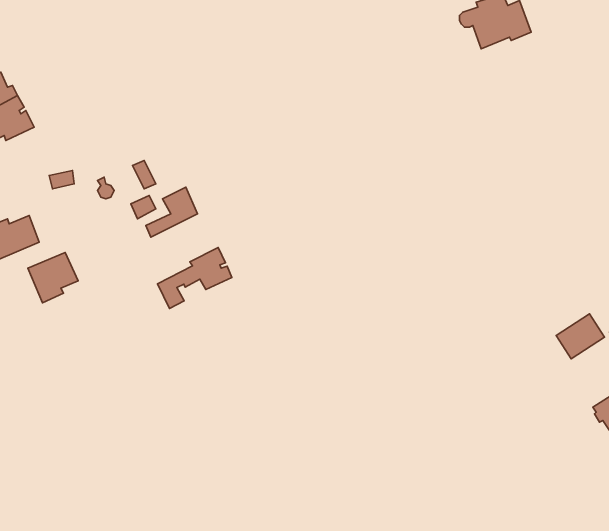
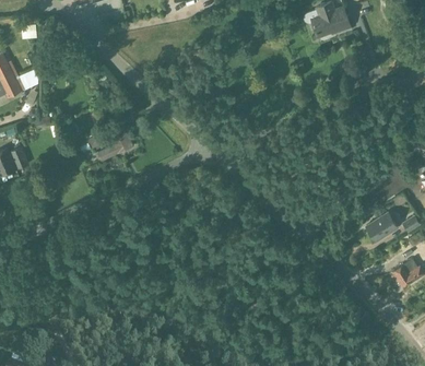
building: [158,247,232,309] -> none
building: [28,252,78,303] -> none

